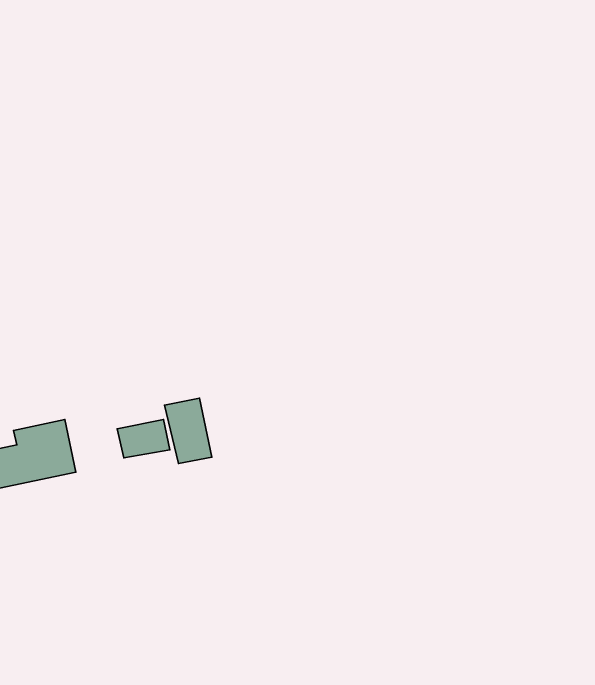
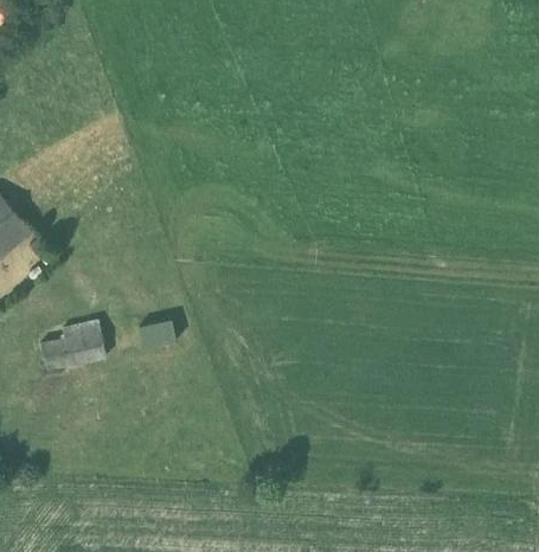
building: [164,398,212,464] -> none

